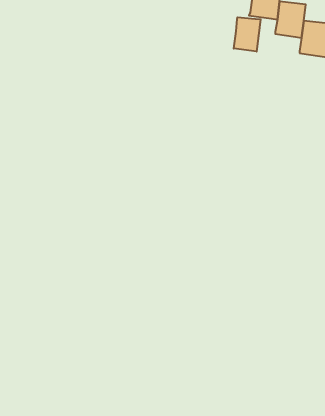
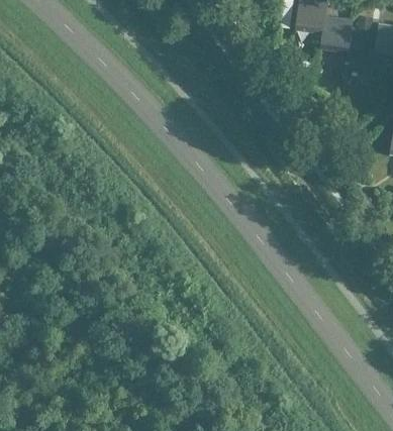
building: [234,17,261,52] -> none

